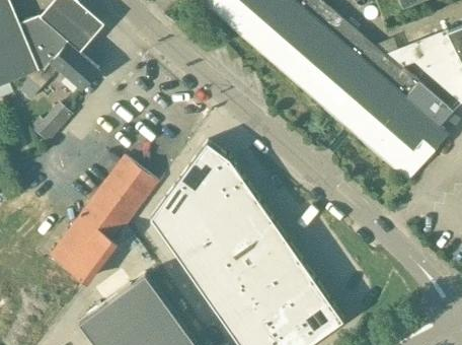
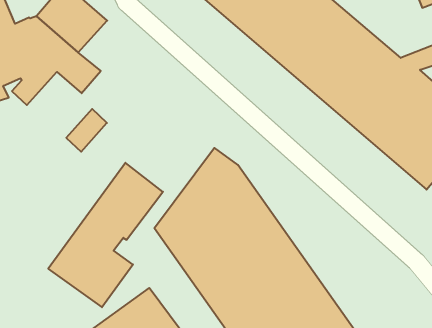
building: [33,101,72,142] -> [66,109,107,152]

